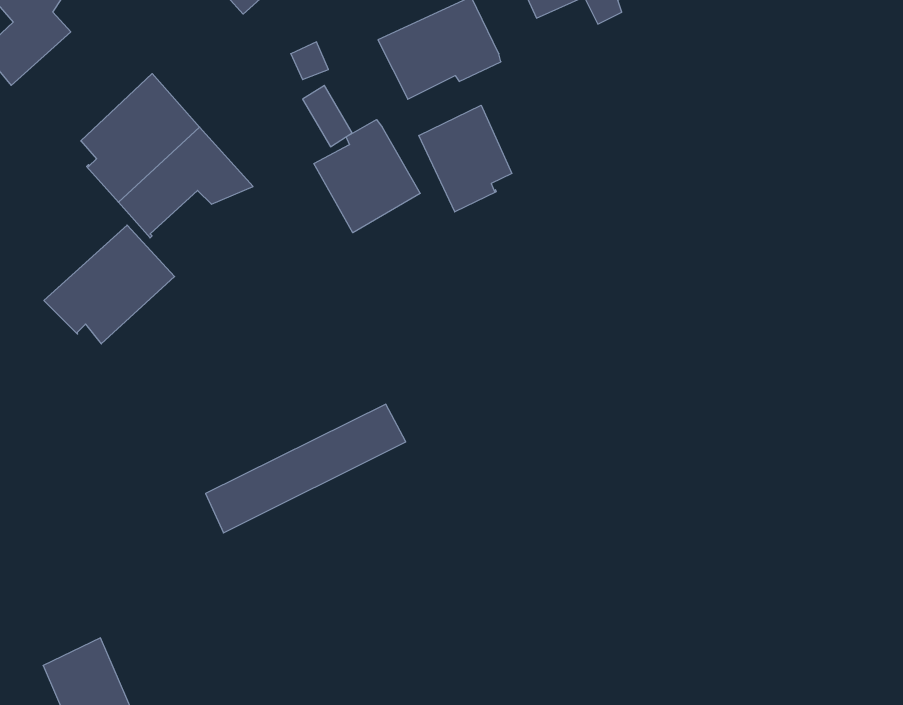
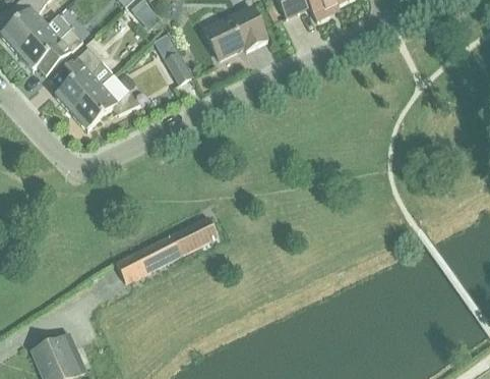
building: [419,105,512,212] -> none
building: [314,120,420,233] -> none
building: [44,225,175,344] -> [15,13,82,74]

